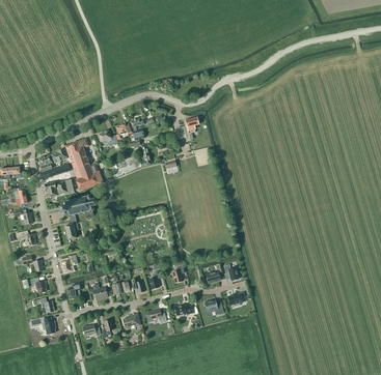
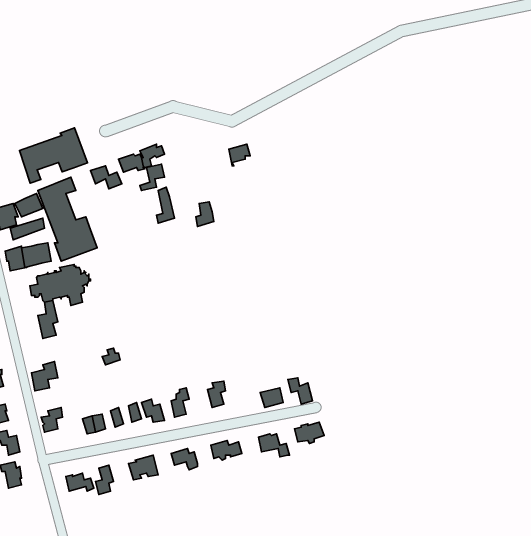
building: none -> [19,128,87,183]

